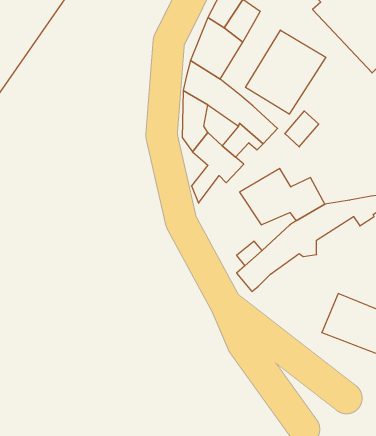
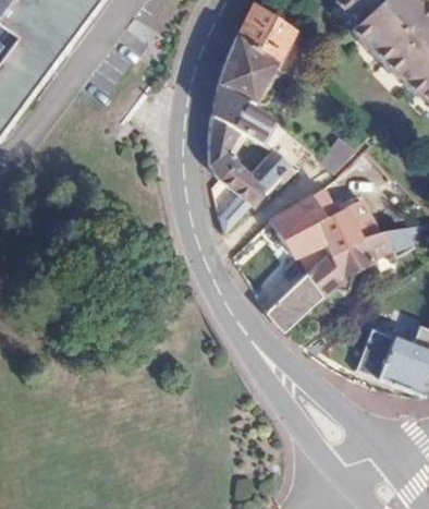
building: [246,30,326,114] -> none

